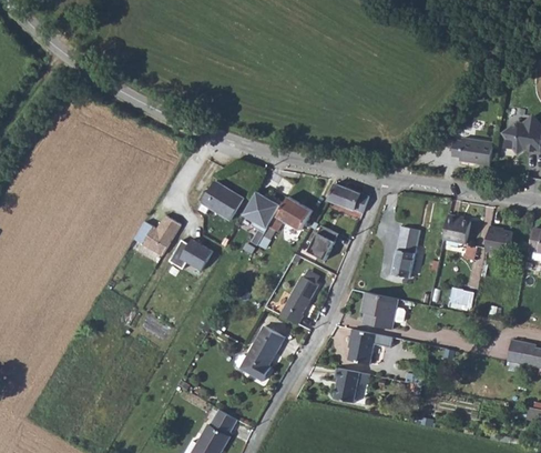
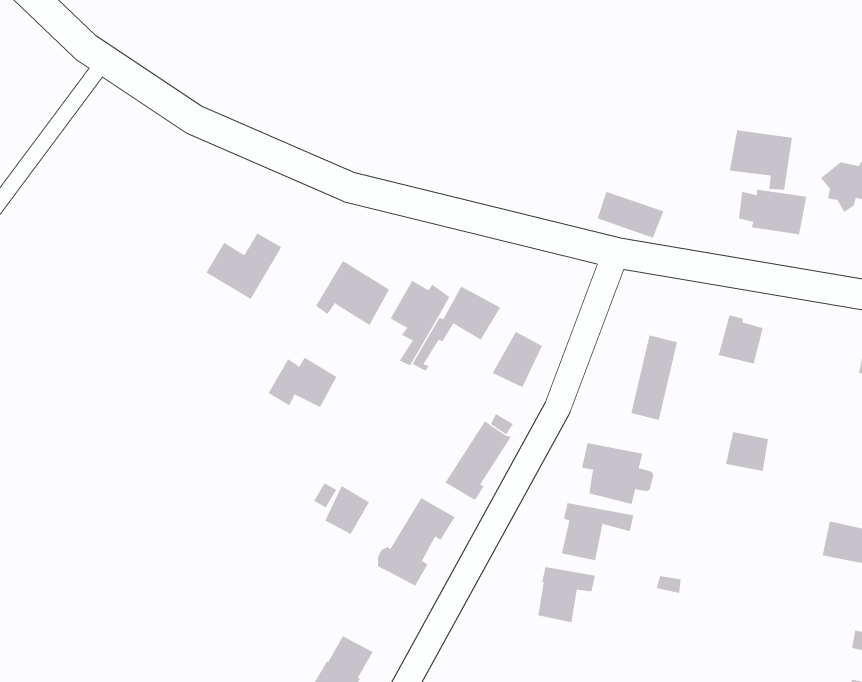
building: none -> [729,130,792,191]
building: [328,184,369,213] -> [597,191,664,238]
building: [132,214,178,255] -> [206,233,282,300]
building: [483,225,509,254] -> none
building: none -> [325,485,370,535]

